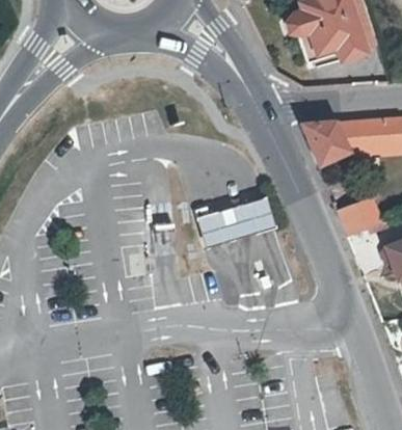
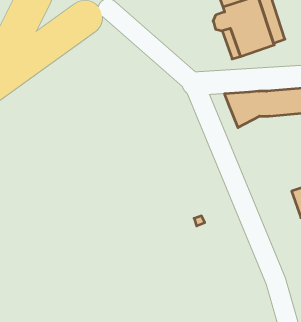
building: [199,196,276,248] -> none
building: [338,199,382,238] -> none

